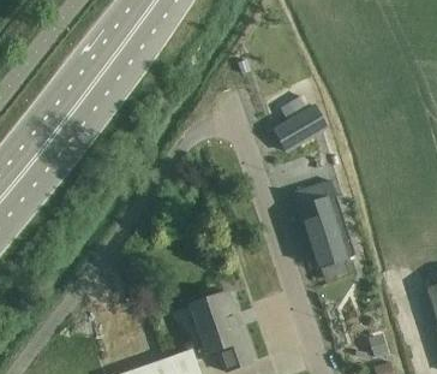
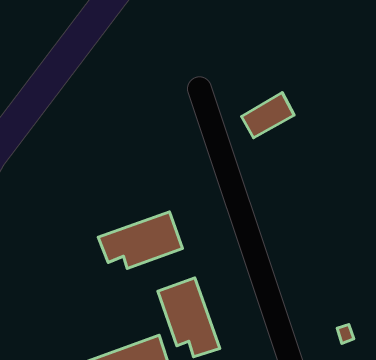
building: [294,182,354,267] -> none
building: none -> [98,212,182,269]

